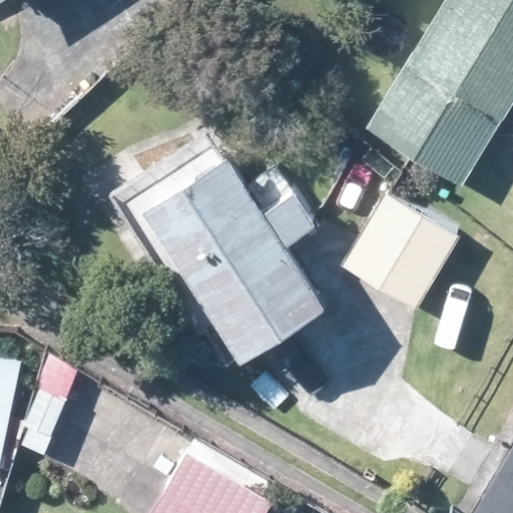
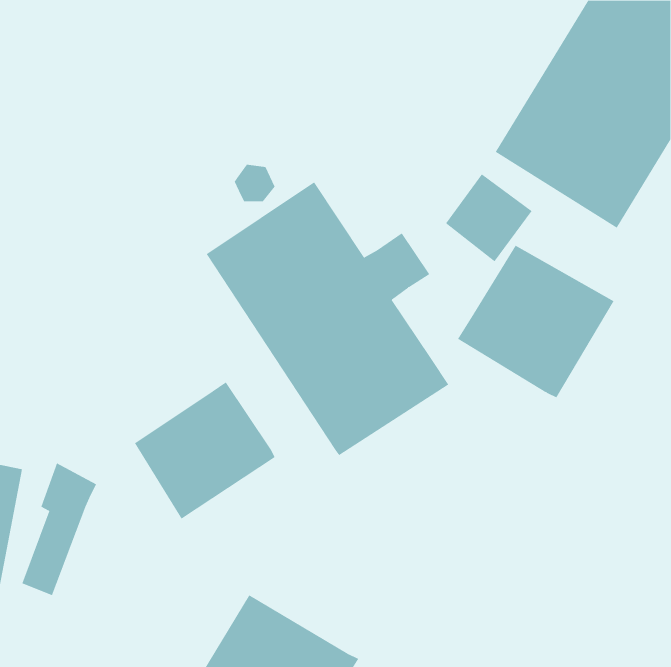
building: none -> [134,381,276,519]

